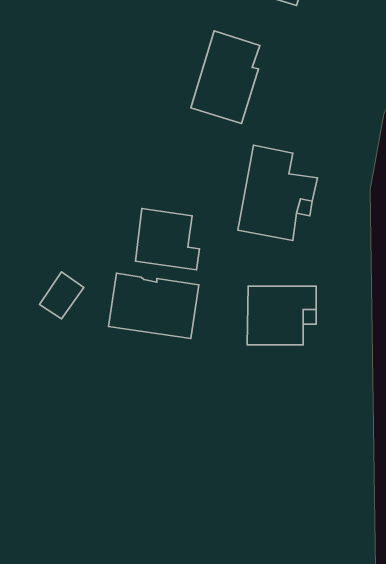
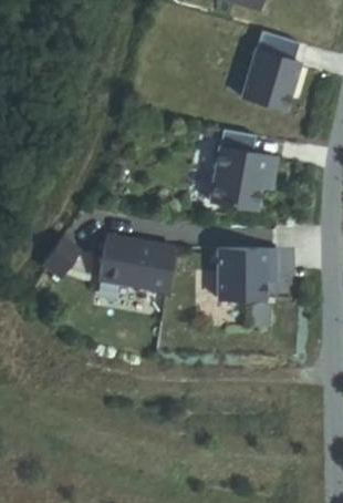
building: [191,31,260,124] -> [241,30,300,109]
building: [136,209,199,270] -> none

